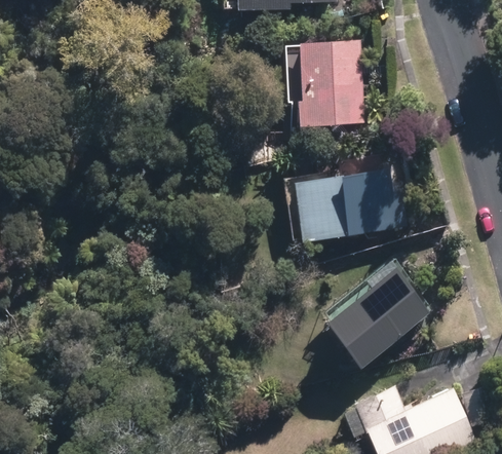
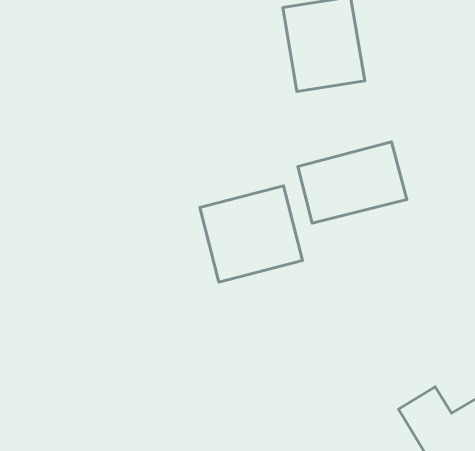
building: none -> [200,186,302,282]
building: [325,271,420,358] -> none

